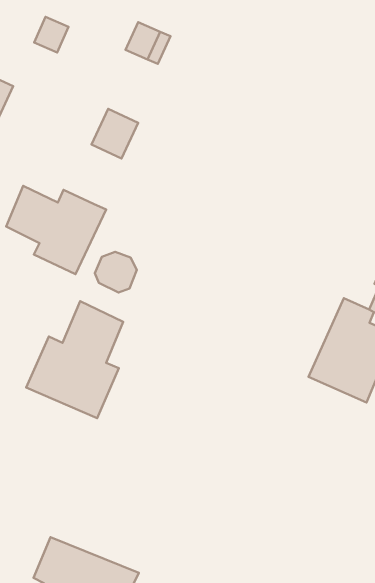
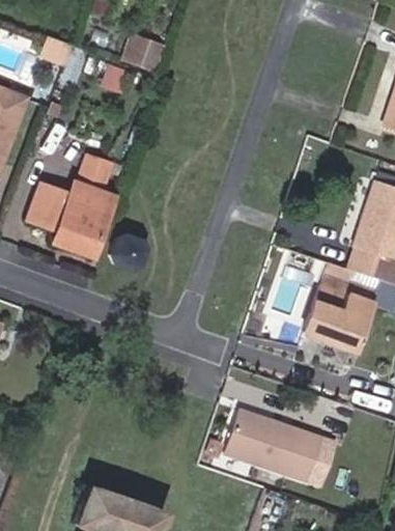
building: [91,109,138,159] -> [77,151,116,194]
building: [26,301,123,418] -> none
building: none -> [223,410,319,478]

